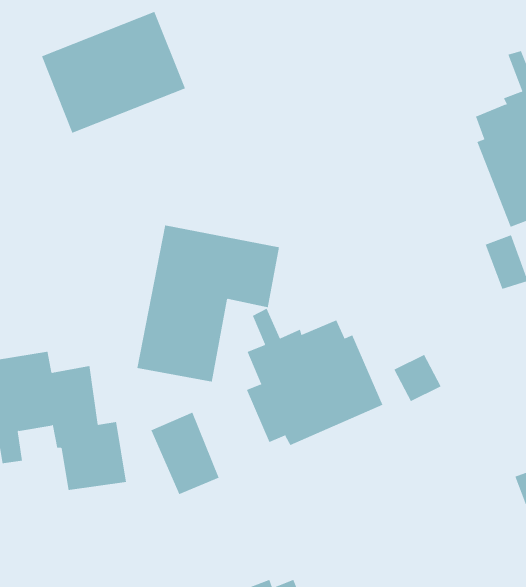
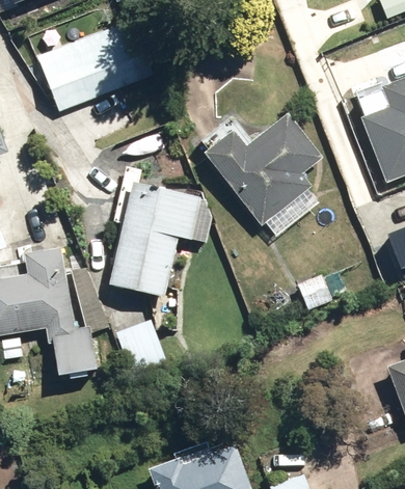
building: none -> [201,112,322,237]
building: [246,308,383,446] -> none

